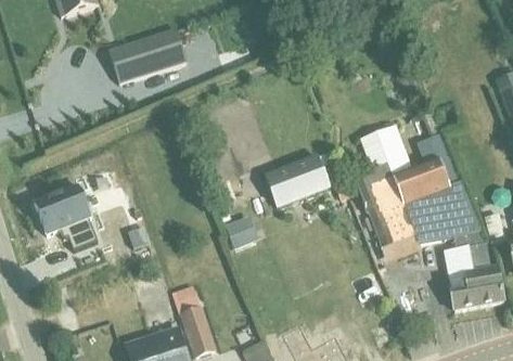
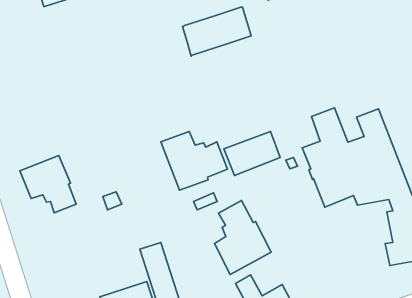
building: [108,27,187,82] -> [182,7,251,56]
building: none -> [161,131,227,190]
building: none -> [214,201,271,274]

